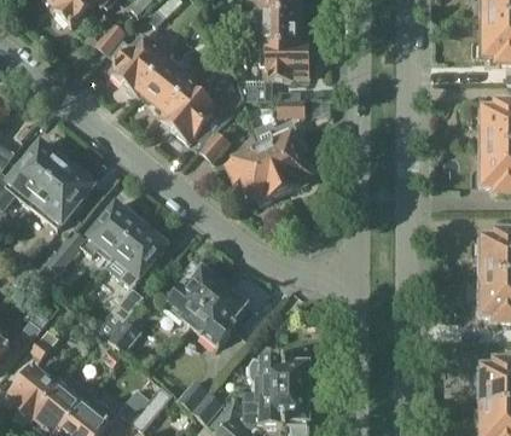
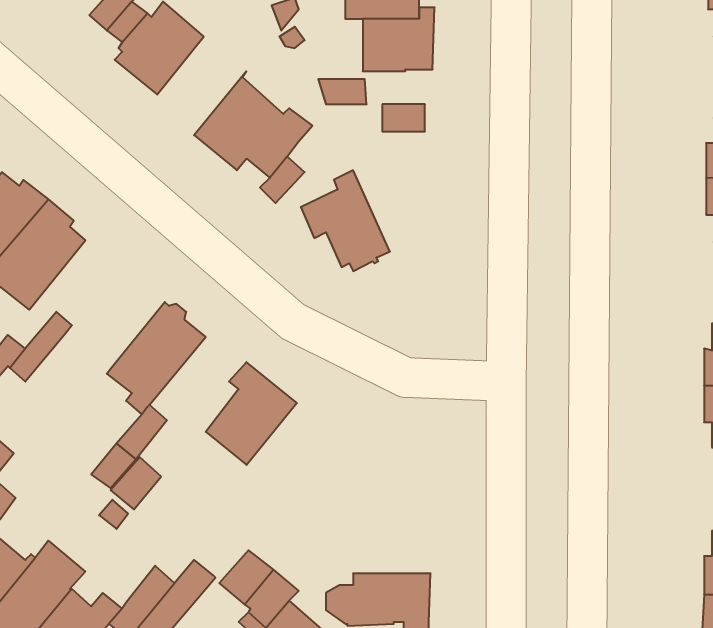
building: [137,57,192,118] -> none
building: [254,120,308,191] -> none
building: [80,202,141,261] -> none
building: [192,285,254,344] -> none
building: [249,344,307,391] -> none

